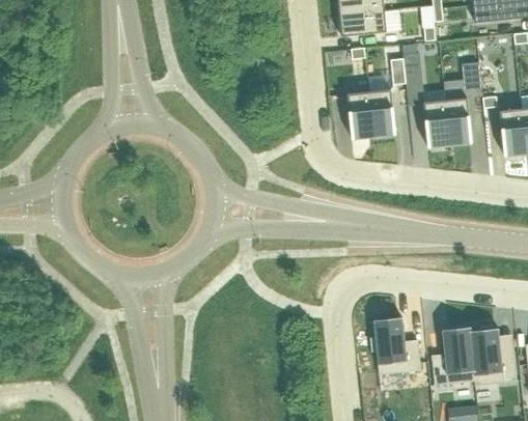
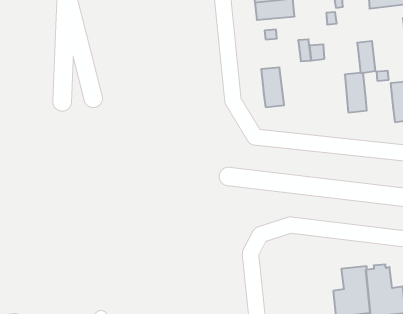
building: [368,88,395,136] -> none
building: [423,100,449,147] -> none
building: [369,316,420,373] -> none

